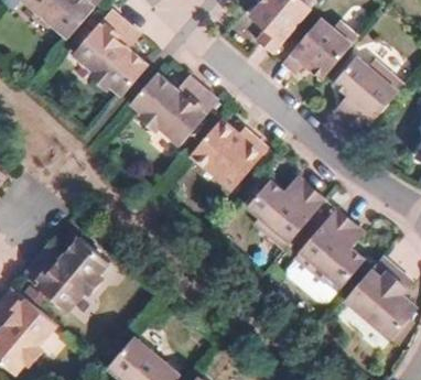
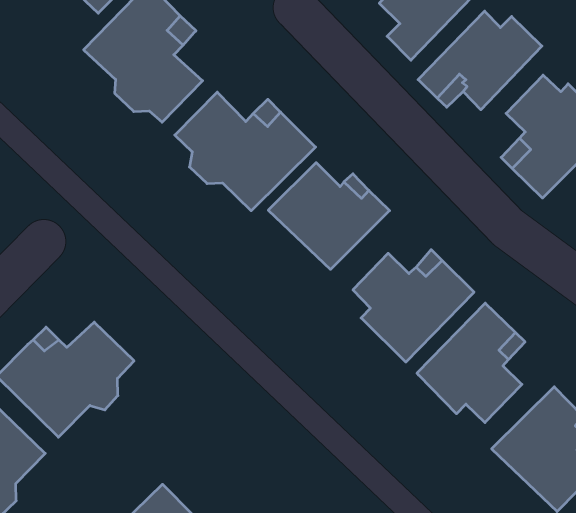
building: [285,254,339,298] -> none

